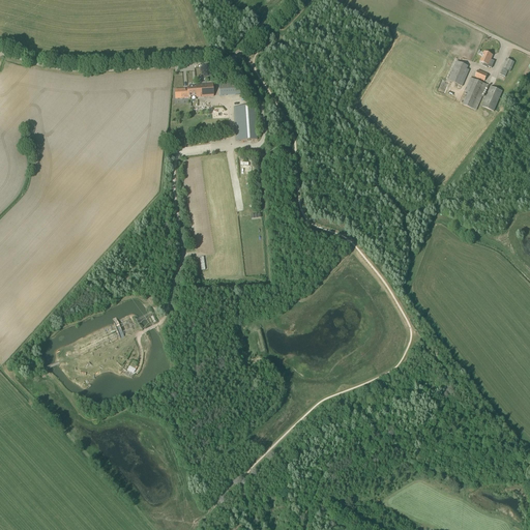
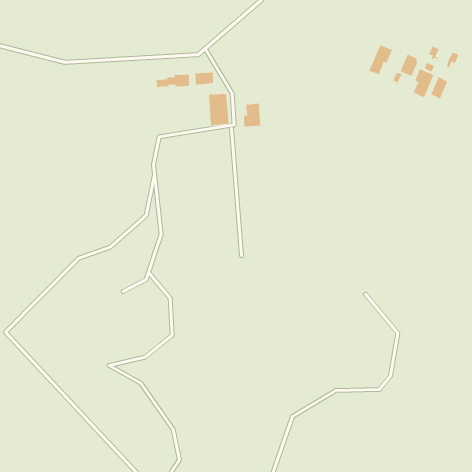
building: none -> [368,44,393,75]
building: none -> [243,103,261,128]

